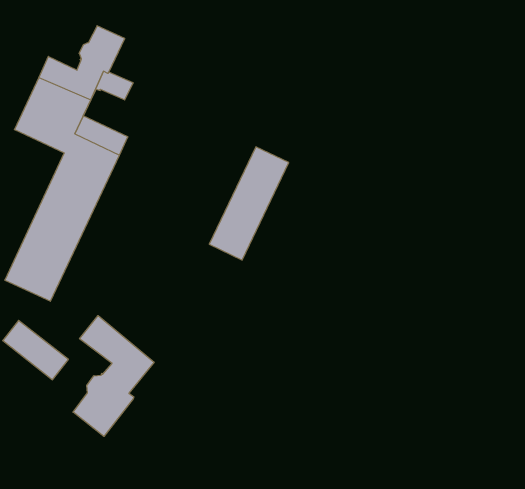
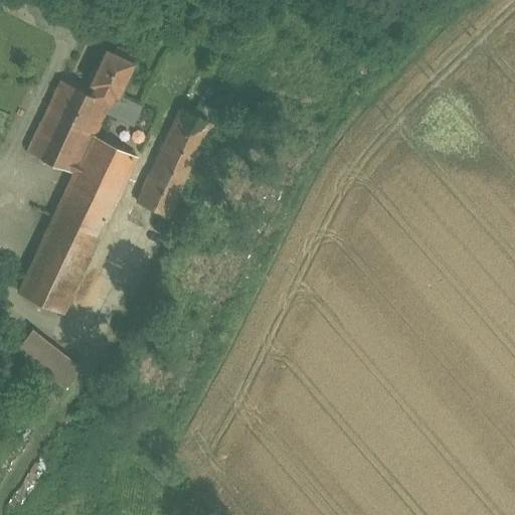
building: [209,147,289,260] -> [137,109,212,216]
building: [73,316,154,436] -> none

